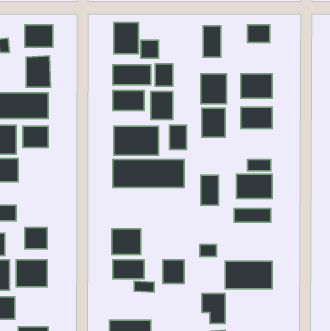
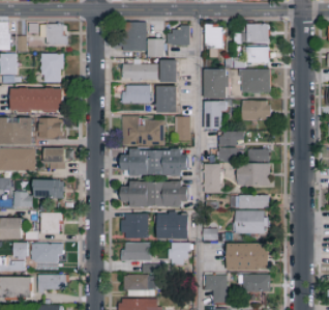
building: none -> [168,26,189,45]
building: none -> [242,47,269,63]
building: none -> [218,132,242,161]
building: none -> [44,147,65,169]
building: none -> [35,179,62,198]
building: none -> [121,181,188,206]
building: none -> [235,212,266,233]
building: none -> [157,213,189,238]
building: none -> [38,274,66,290]
building: none -> [125,275,154,295]
building: none -> [239,275,271,291]

